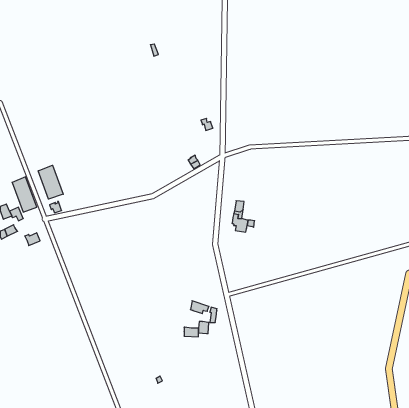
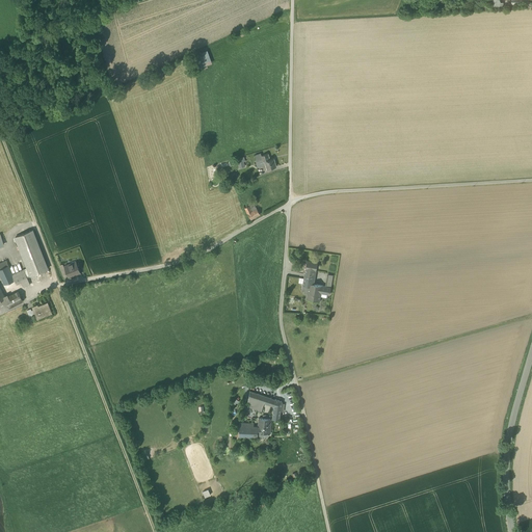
building: [38,165,63,199] -> none

